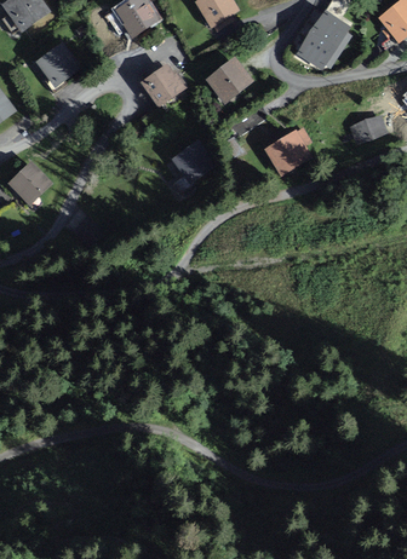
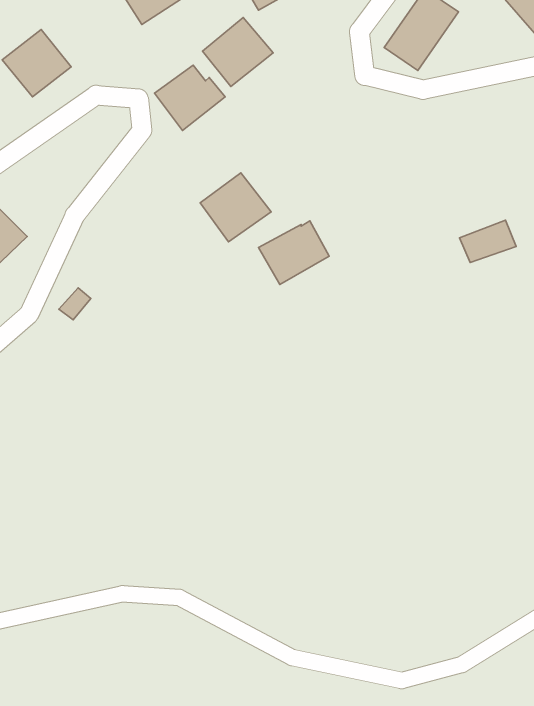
building: [206,57,254,104] -> [202,18,273,86]
building: [349,114,388,143] -> [460,220,516,263]
building: [266,128,315,172] -> [259,221,329,285]

